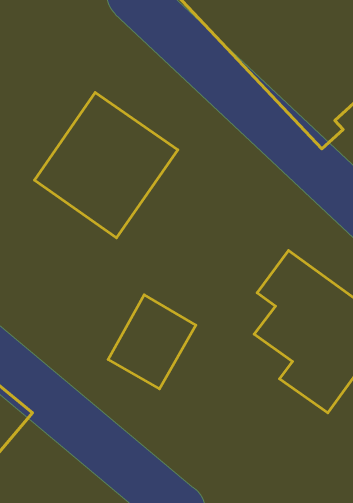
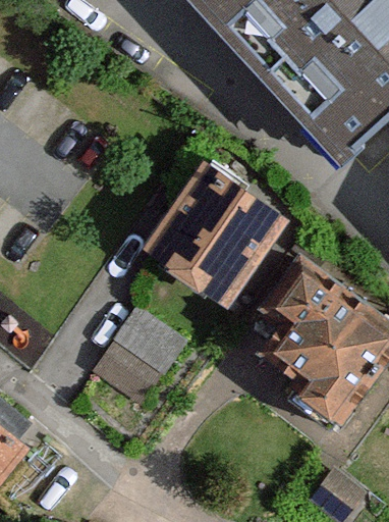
building: [35,93,178,238] -> [140,157,284,304]

